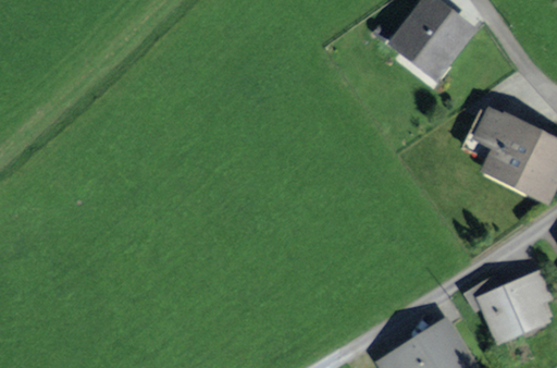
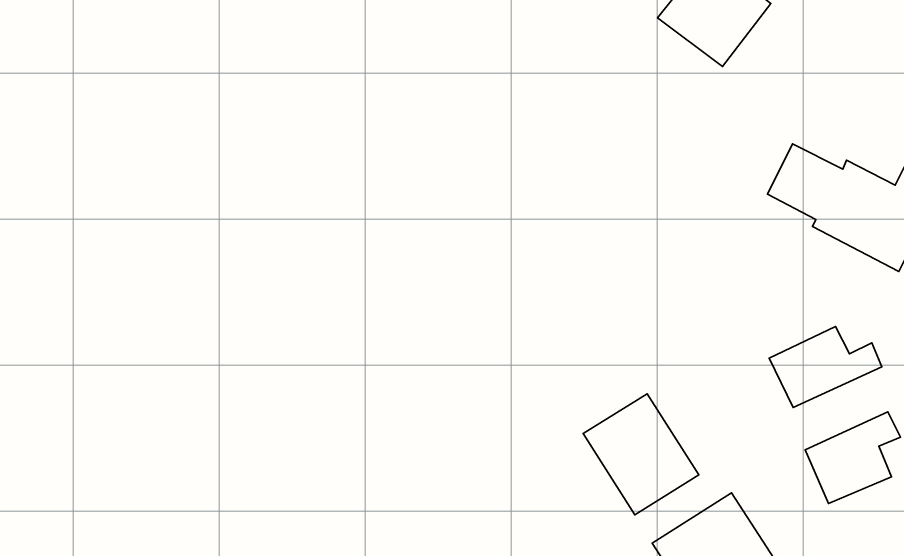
building: none -> [769,326,882,407]
building: none -> [583,394,699,515]

